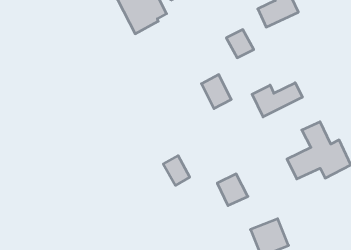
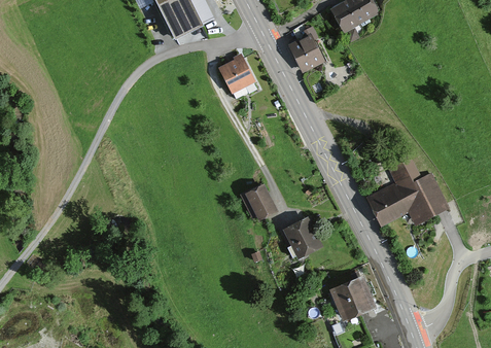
building: [201,75,231,109] -> [223,60,260,102]
building: [252,83,302,117] -> none
building: [163,156,190,185] -> [242,184,275,221]

